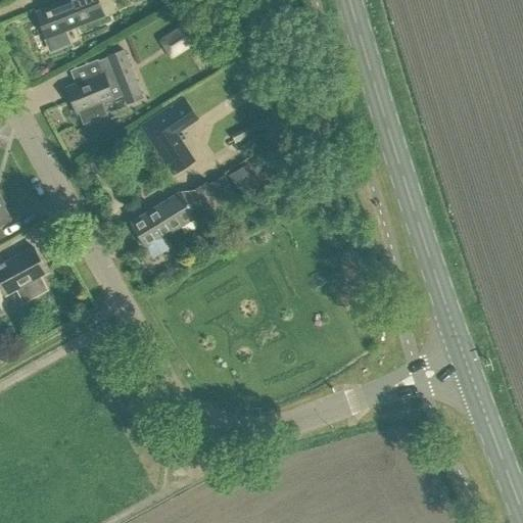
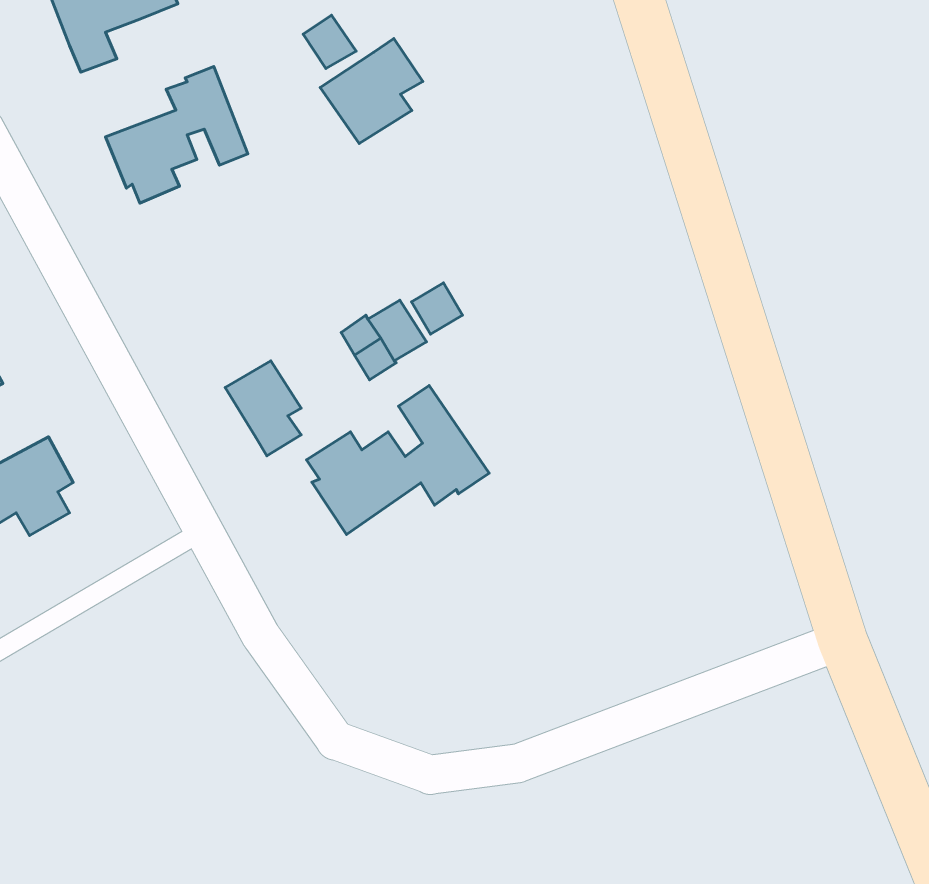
building: none -> [320,38,423,144]
building: [153,192,195,234] -> none
building: none -> [306,386,489,535]

